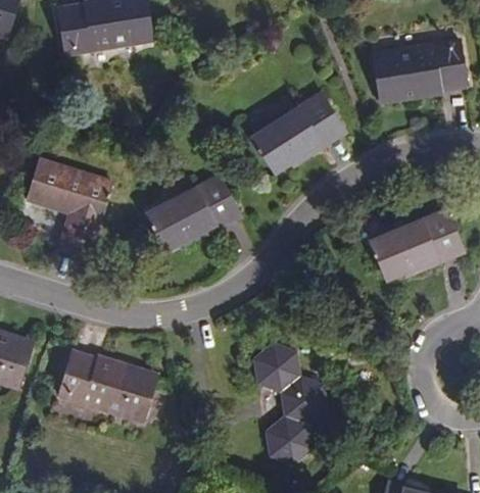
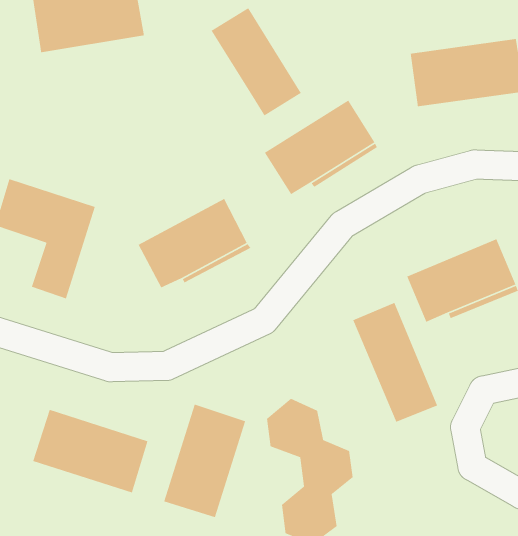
building: none -> [211,7,302,116]
building: none -> [352,302,438,423]
building: none -> [163,404,246,518]

